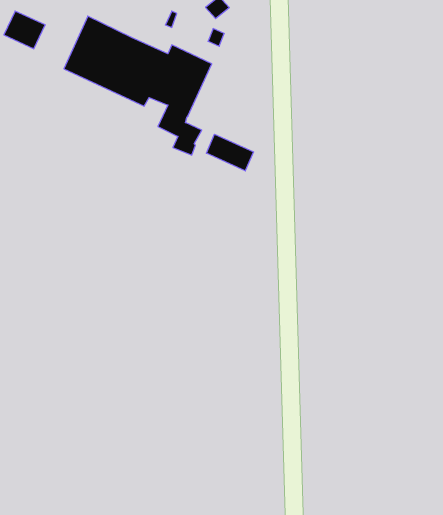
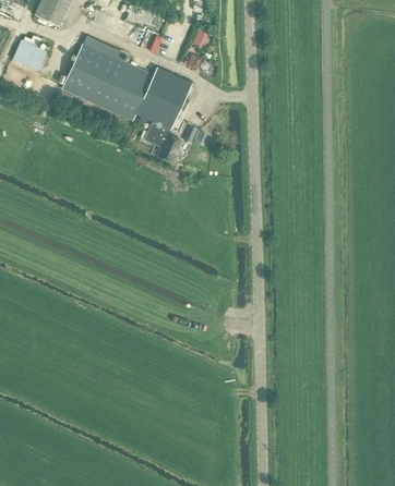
building: [206,134,253,171] -> none

